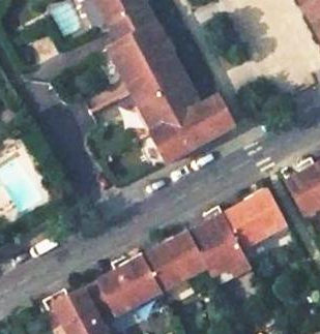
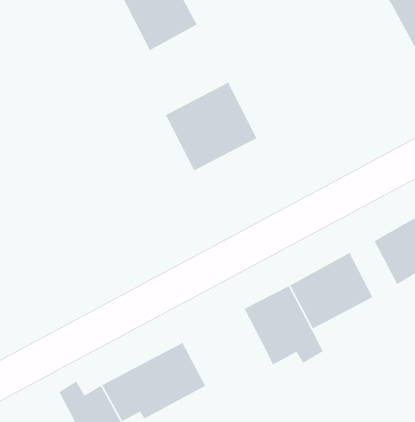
building: [107,20,177,87] -> none
building: [150,96,232,159] -> none
building: [143,232,206,290] -> none

